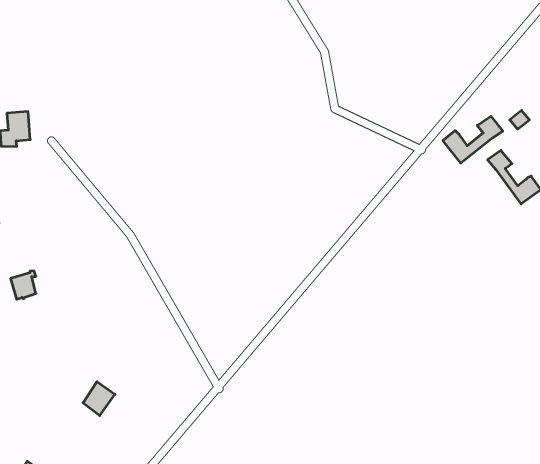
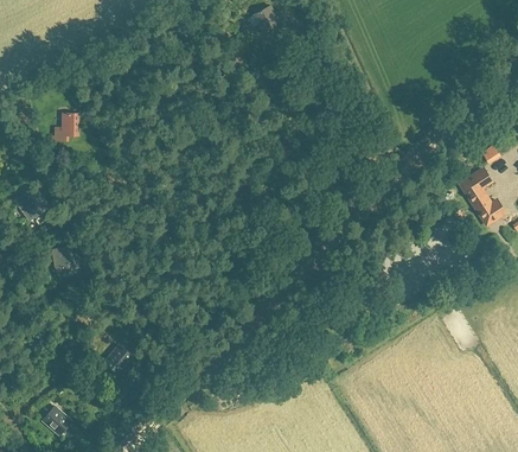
building: [443,116,503,163] -> none

